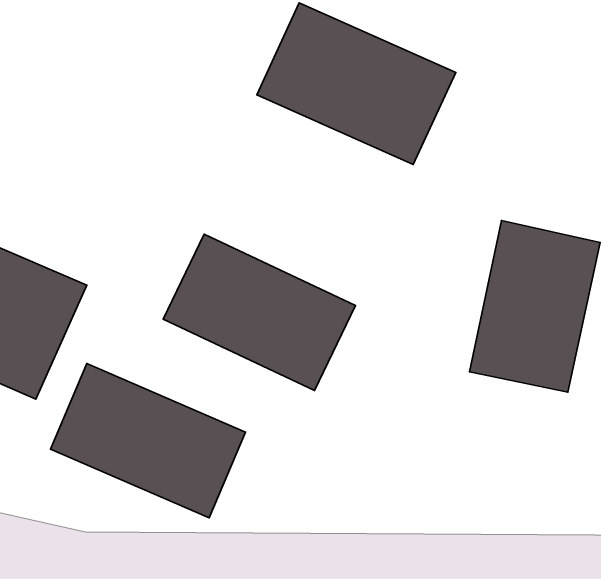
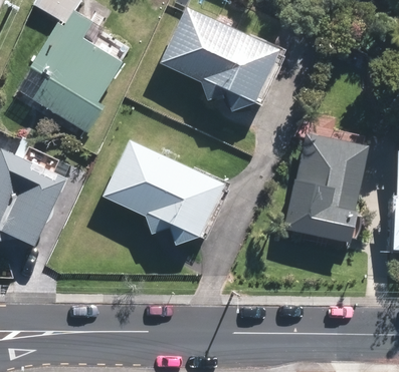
building: none -> [30,18,122,135]
building: [50,364,246,518] -> none

